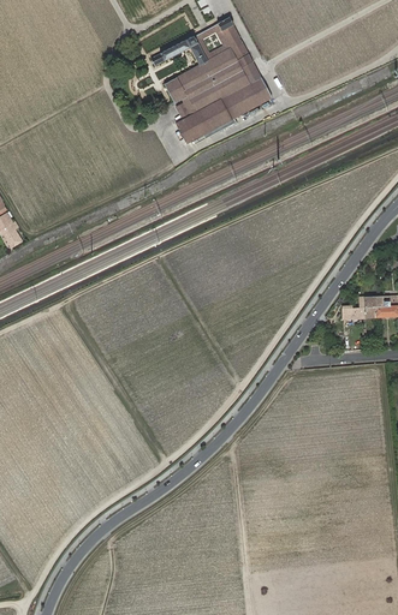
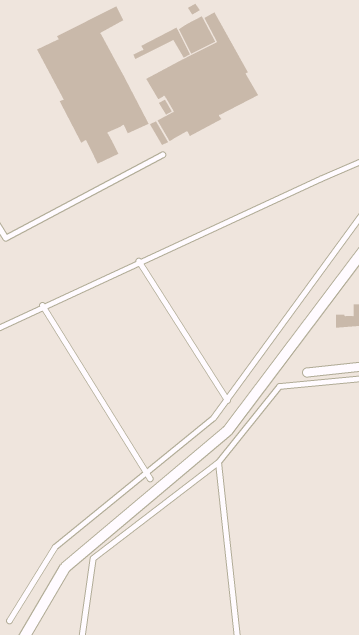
building: none -> [36,6,149,165]

